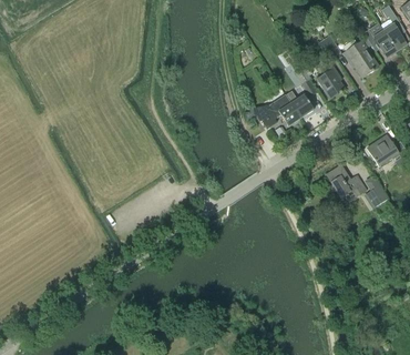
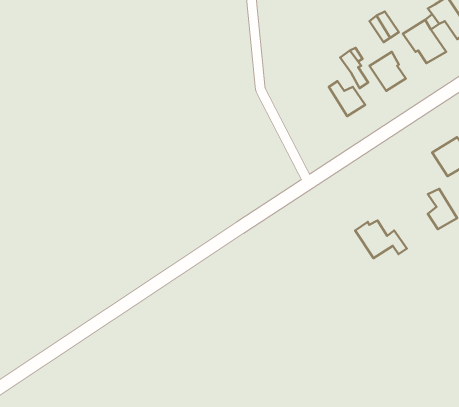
building: [263,90,299,125] -> none
building: [326,166,367,196] -> [355,221,407,258]

